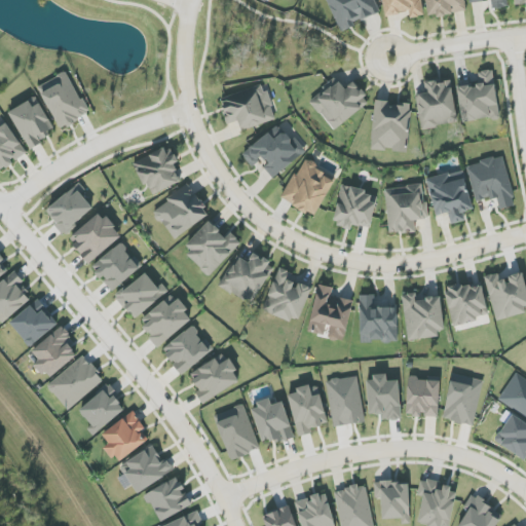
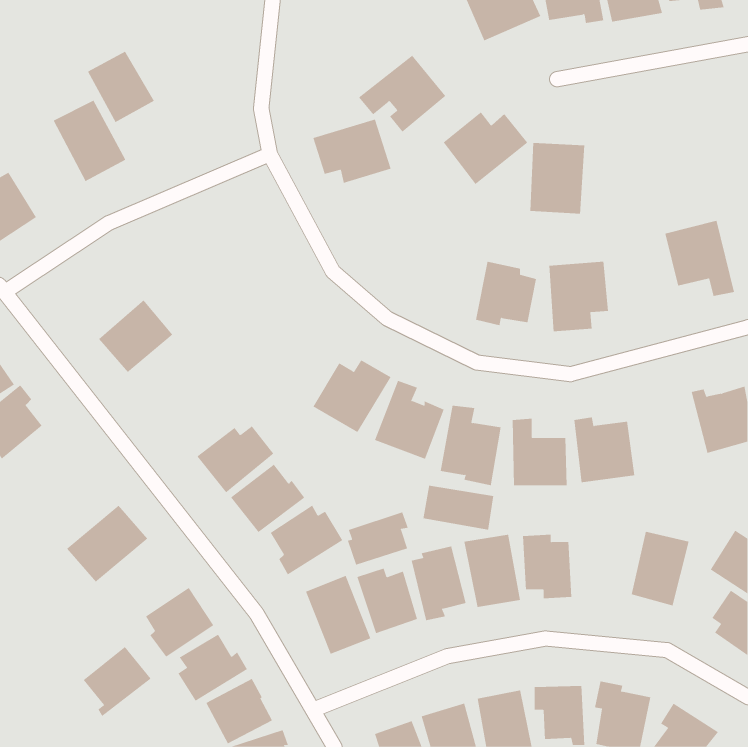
building: [457,68,496,119] -> none
building: [416,78,457,126] -> none
building: [8,96,55,146] -> [87,51,155,123]
building: [241,122,303,177] -> [358,55,446,133]
building: [134,144,182,194] -> none
building: [281,158,335,215] -> none
building: [426,168,472,223] -> none
building: [45,183,95,231] -> none
building: [152,184,209,237] -> none
building: [182,220,240,274] -> none
building: [90,240,141,289] -> none
building: [115,269,164,317] -> none
building: [444,279,488,325] -> none
building: [9,298,58,345] -> none
building: [31,325,77,377] -> none
building: none -> [423,485,494,531]
building: none -> [347,511,409,566]
building: [406,375,439,415] -> none
building: [78,384,126,434] -> [83,646,152,717]

